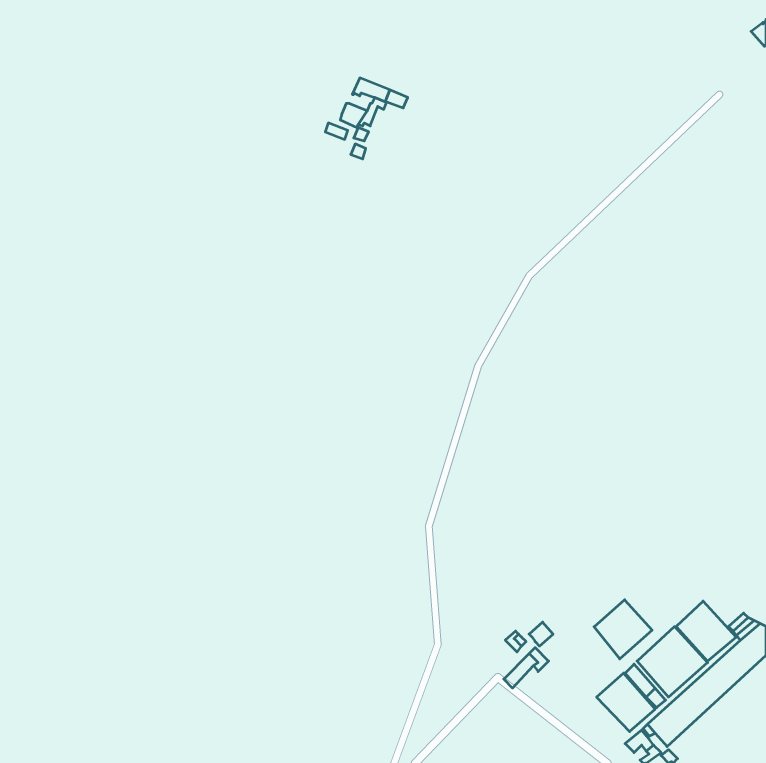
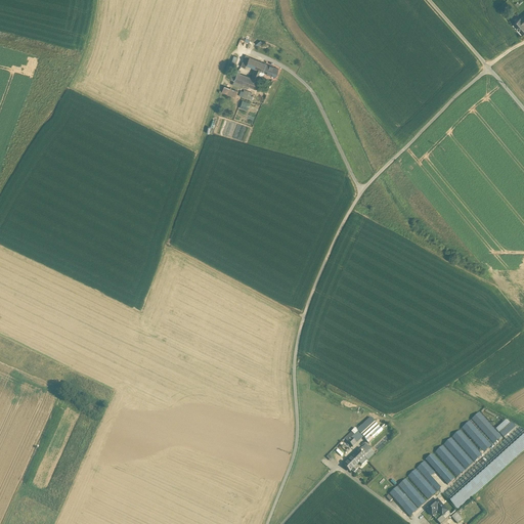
building: [594,600,652,659] -> none
building: none -> [389,477,428,517]

